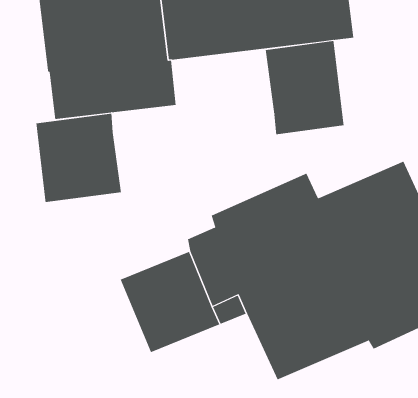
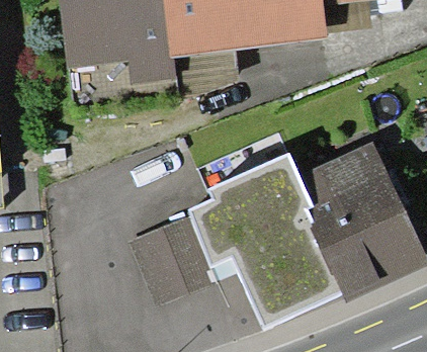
building: [265,40,344,135] -> none
building: [36,113,121,203] -> none

